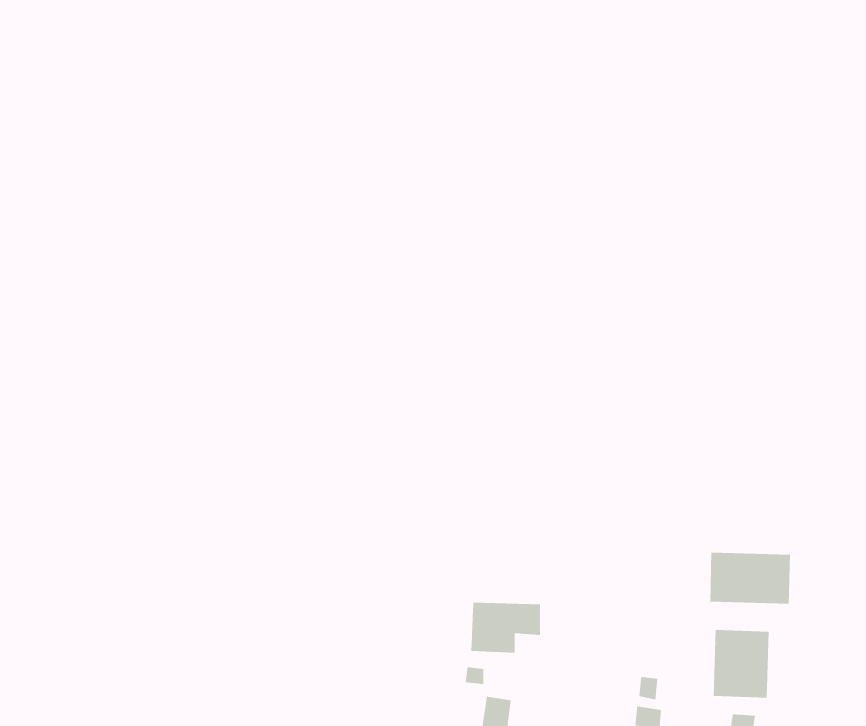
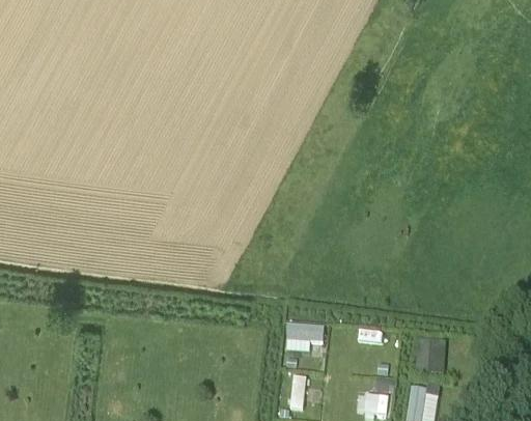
building: [710,552,790,605] -> none

